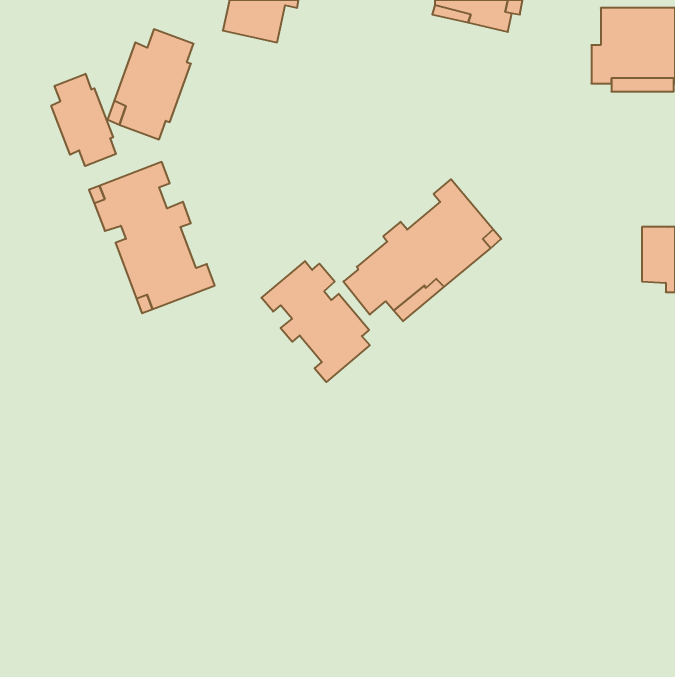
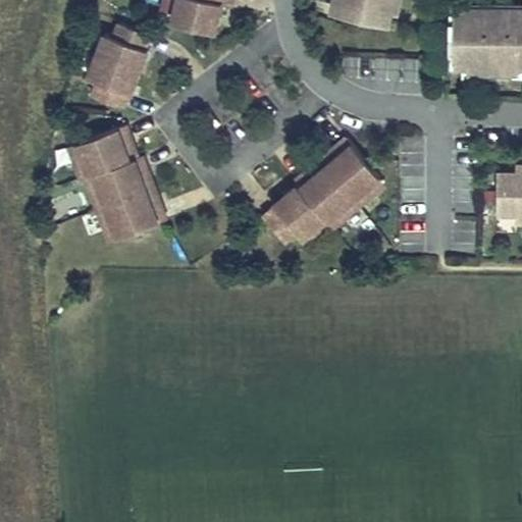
building: [51,74,116,166] -> none
building: [261,261,370,382] -> none

